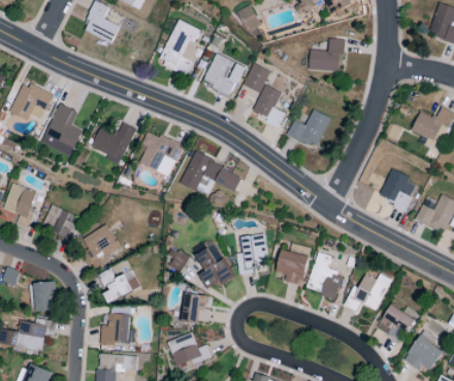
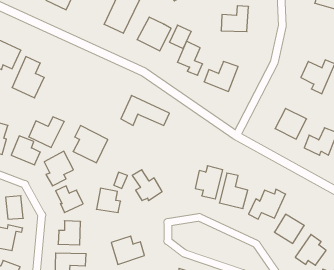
building: [91,122,136,161] -> [29,117,64,147]
building: [139,129,184,177] -> [73,126,108,163]
building: [236,233,267,273] -> none
building: [181,292,212,323] -> [96,188,121,212]

